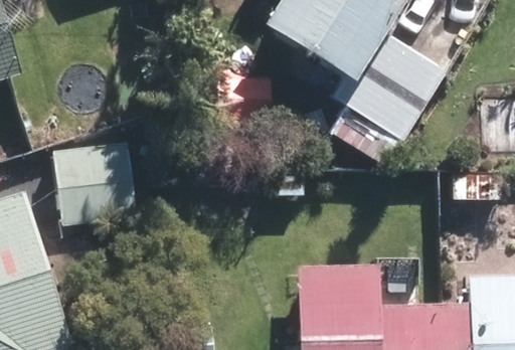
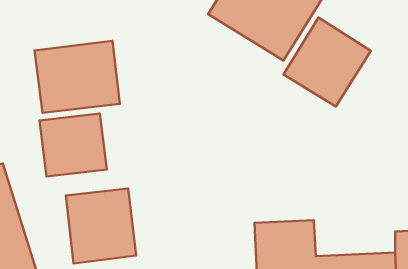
building: none -> [35,41,120,113]
building: none -> [66,188,136,263]

